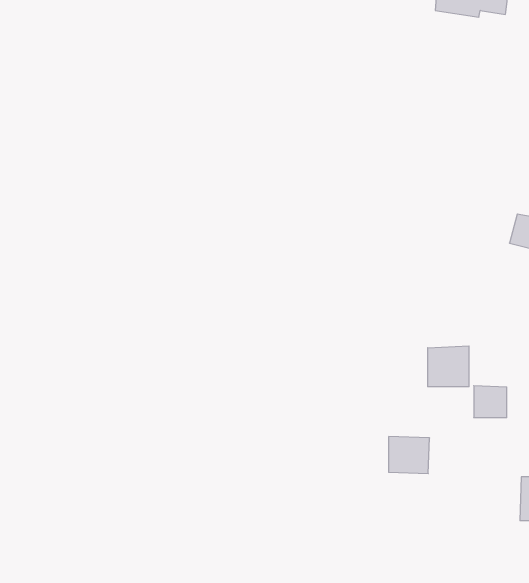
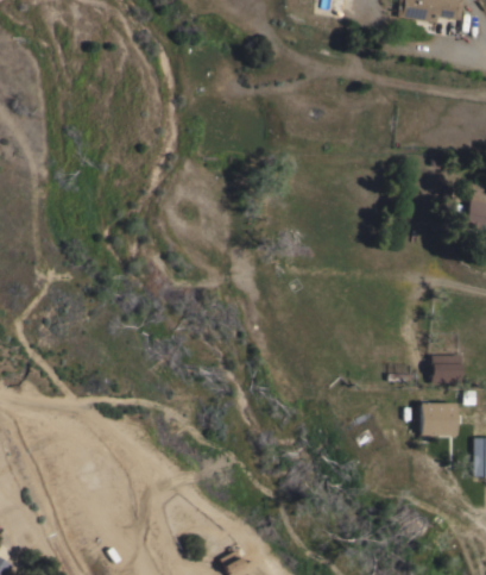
building: [428,346,469,387] -> none
building: [389,437,430,474] -> [421,402,457,436]

